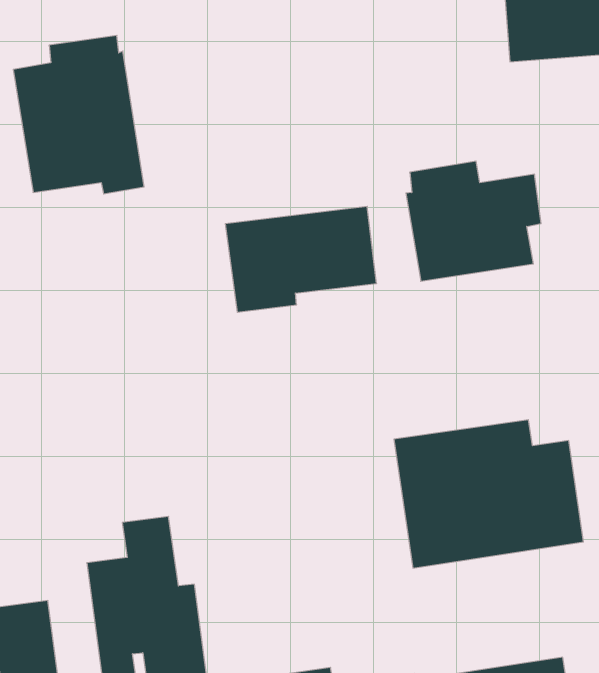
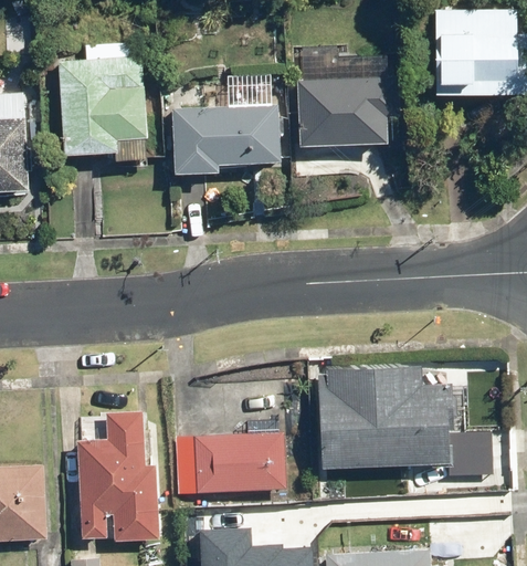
building: [406,161,541,281] -> [295,63,394,149]
building: [225,206,377,312] -> [170,107,280,177]
building: none -> [192,430,285,492]

